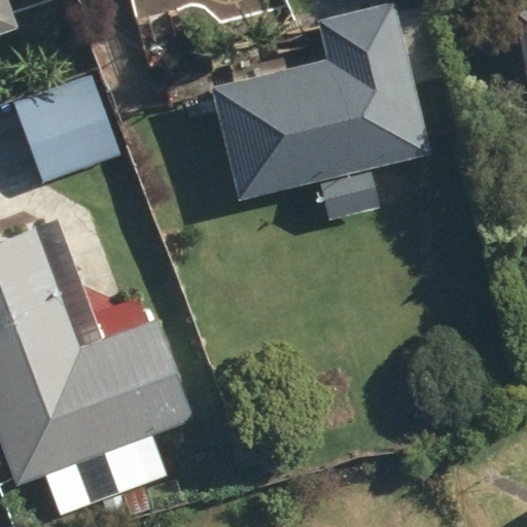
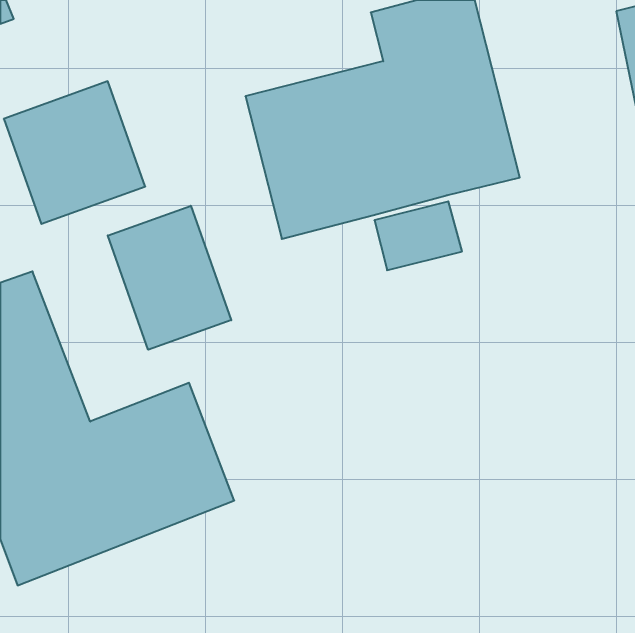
building: none -> [108,206,231,350]

